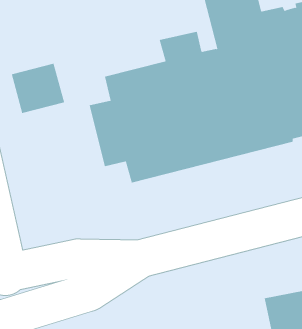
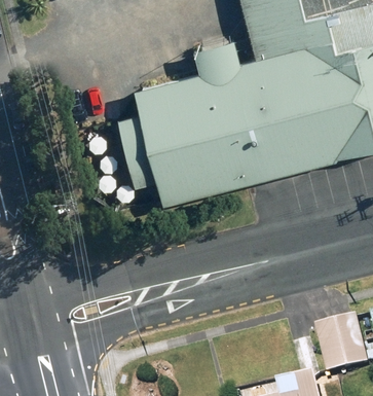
building: [11,63,65,114] -> none

